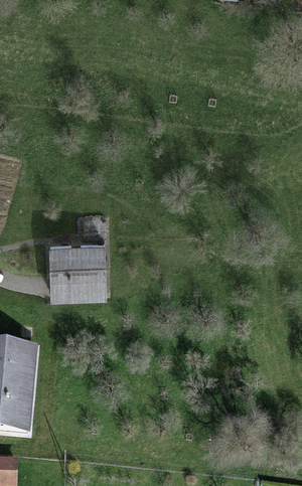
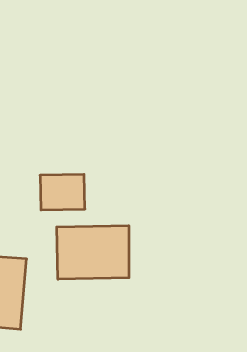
building: none -> [57,226,129,279]

